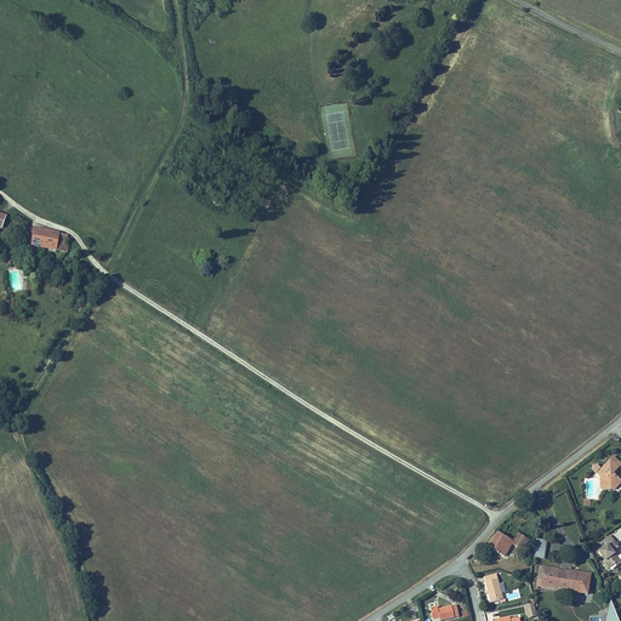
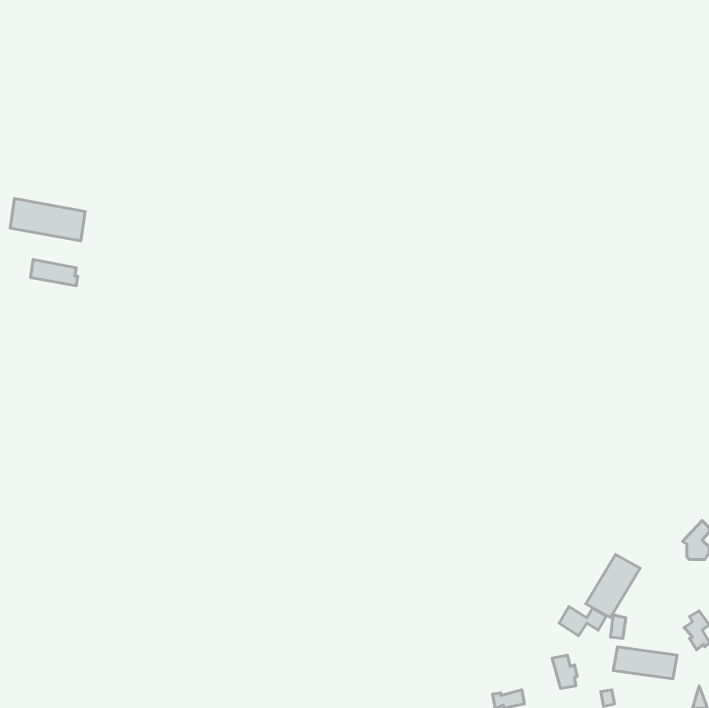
building: none -> [10,199,85,241]
building: none -> [586,554,640,618]

